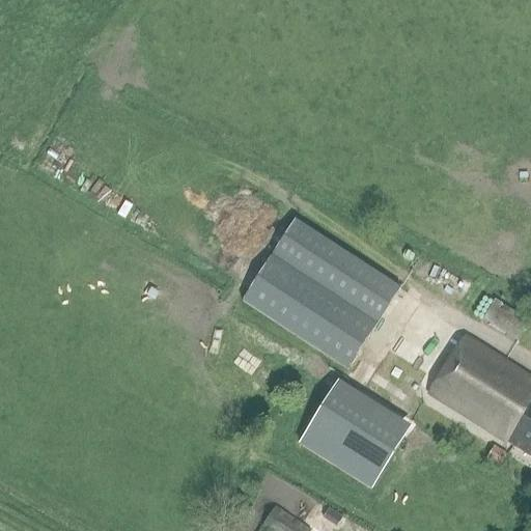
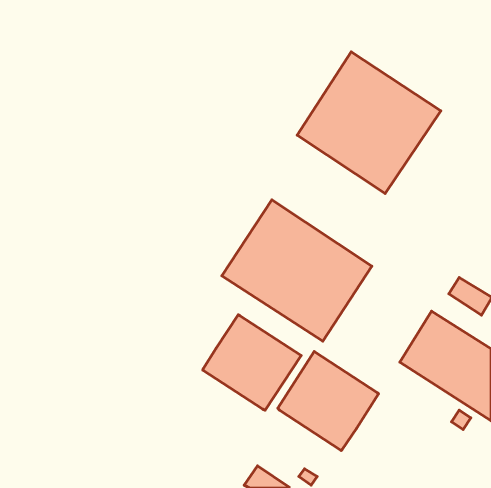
building: none -> [297,52,441,193]
building: none -> [203,315,301,410]

